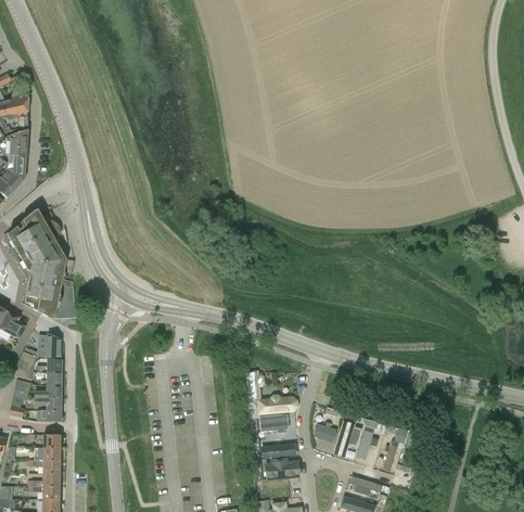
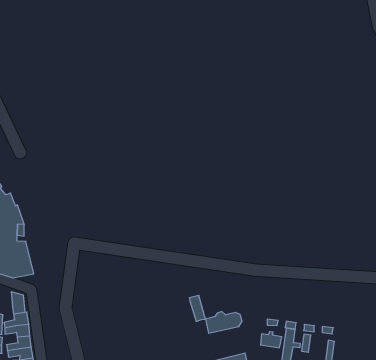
building: [260,413,290,433] -> none

